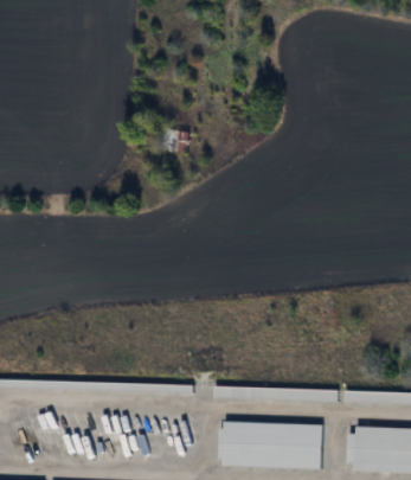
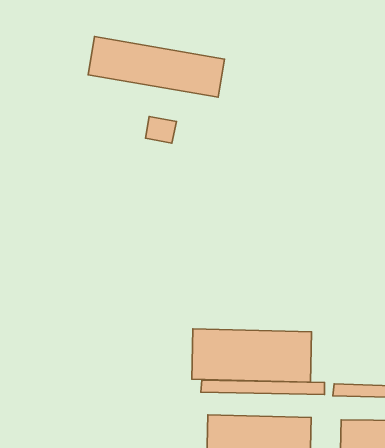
building: none -> [88,36,224,97]
building: none -> [192,329,311,382]

